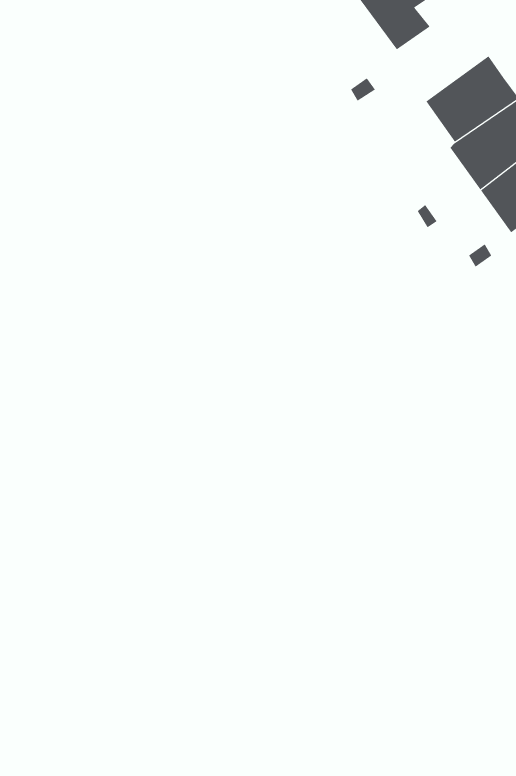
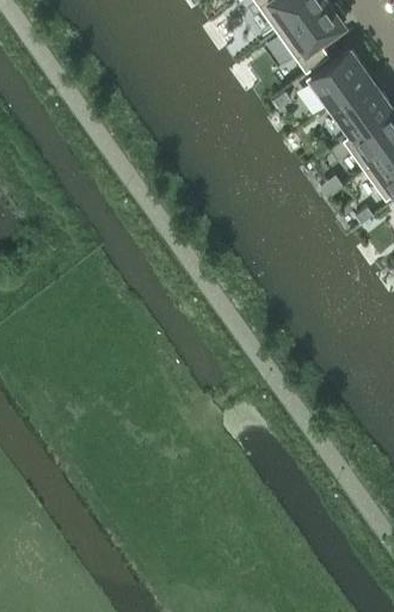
building: none -> [306,47,370,108]

